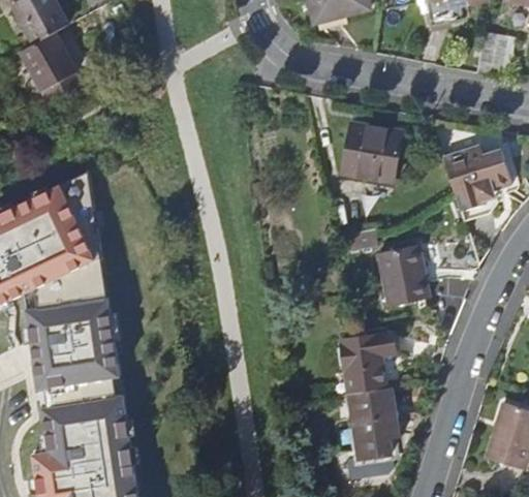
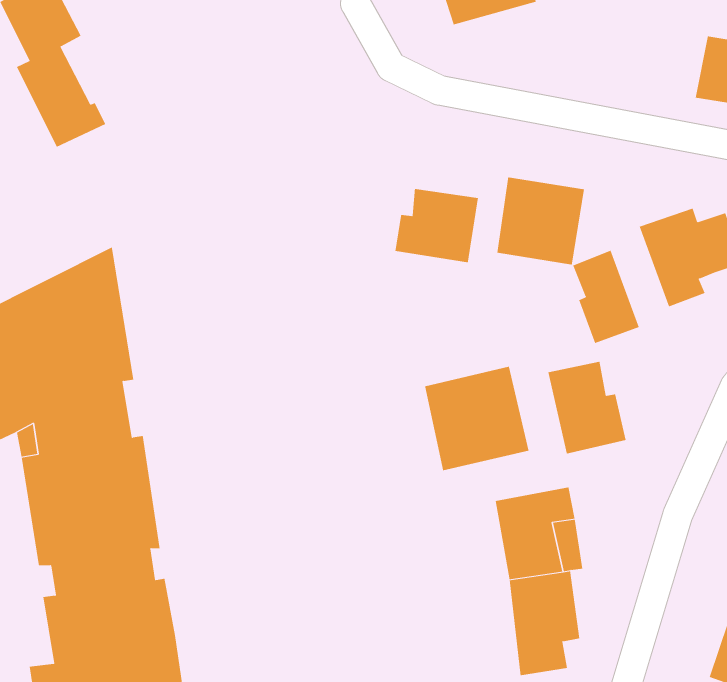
building: none -> [395,188,478,263]
building: none -> [572,250,640,344]
building: none -> [425,366,529,471]

